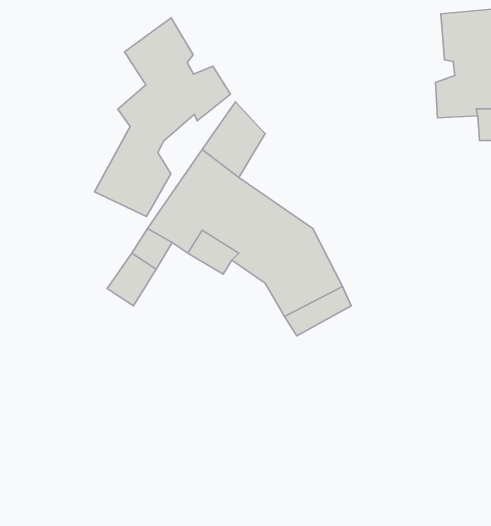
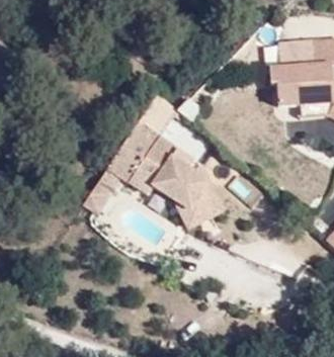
building: [95,18,231,216] -> none

